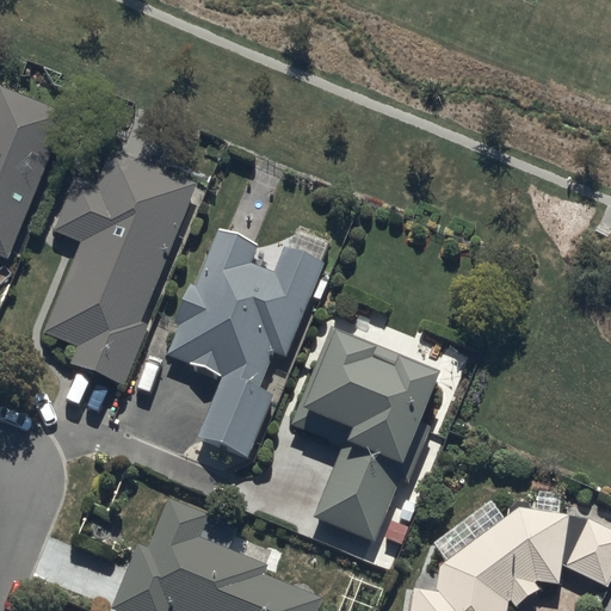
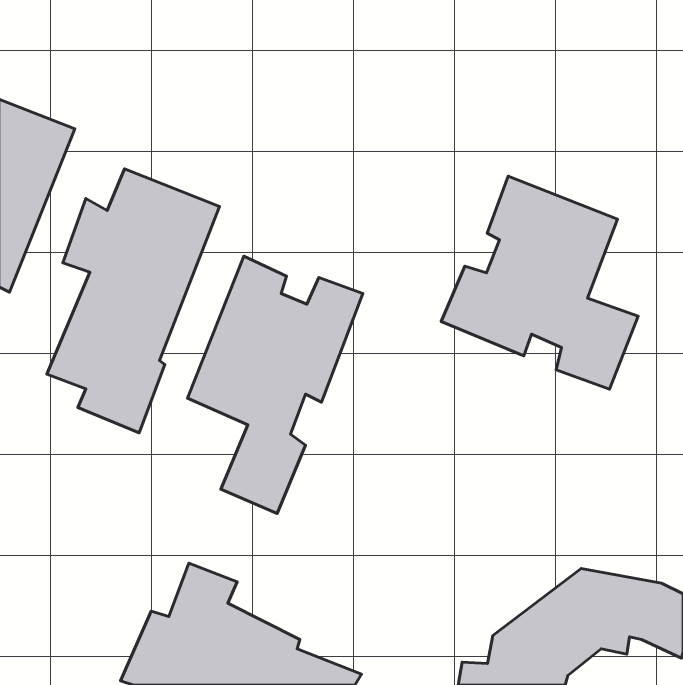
building: none -> [441,176,638,389]
building: [292,329,437,541] -> none

